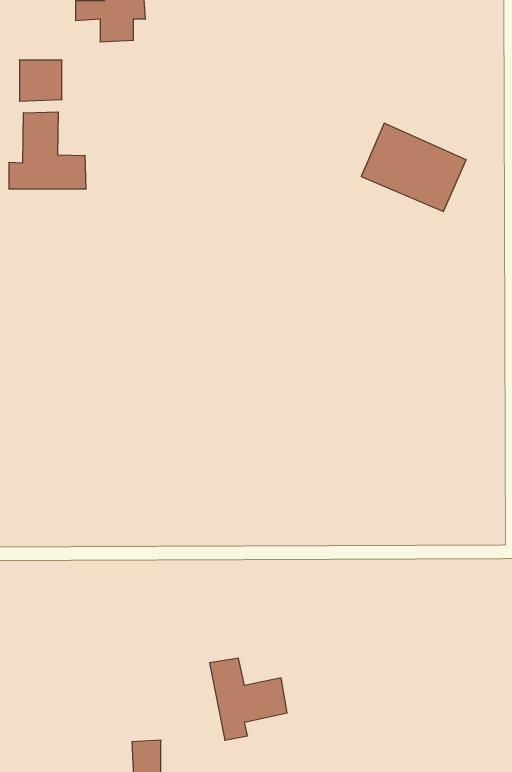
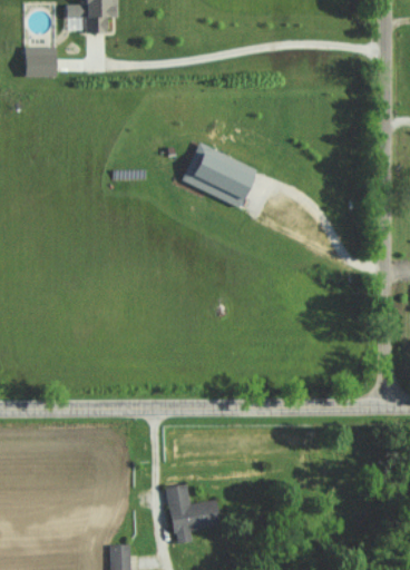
building: [9,112,86,189] -> none
building: [361,123,466,211] -> [182,142,258,207]

